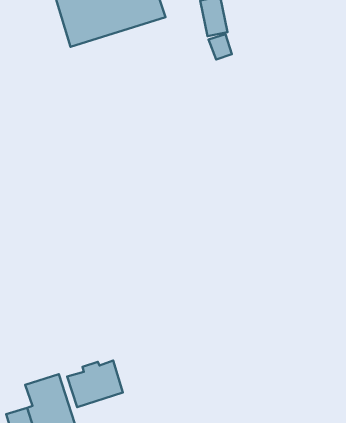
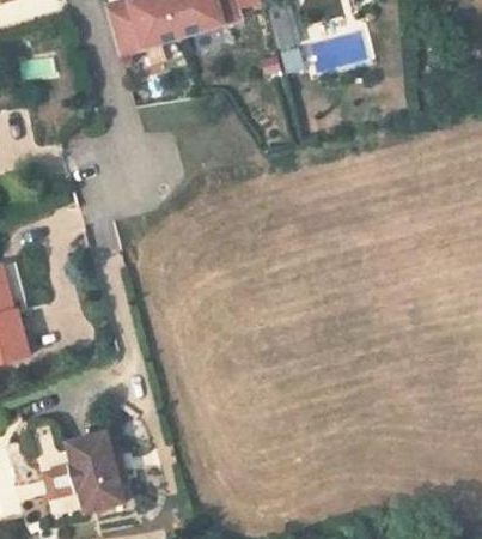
building: [67,361,123,407] -> none

